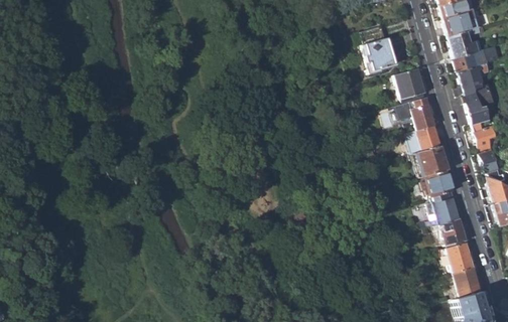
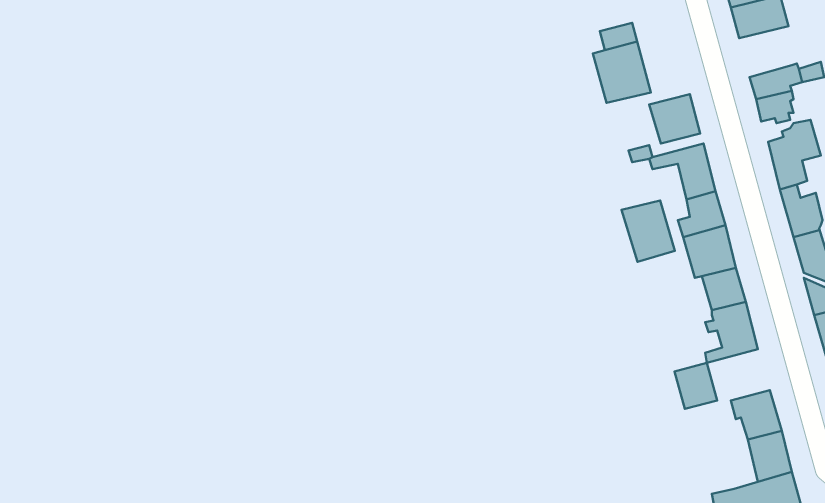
building: [449,26,484,58] -> none
building: none -> [622,201,675,262]
building: [440,219,466,247] -> [675,363,717,409]

